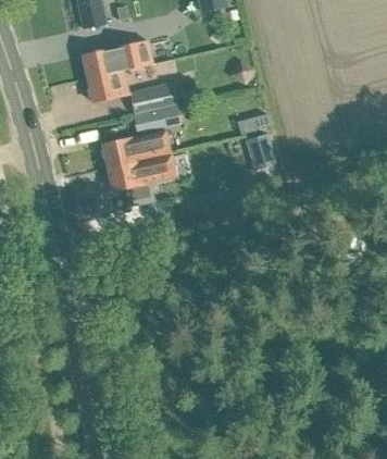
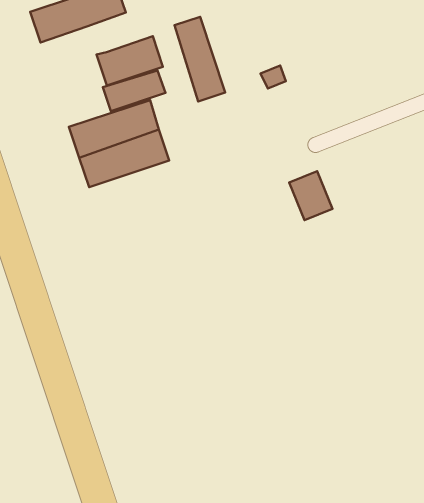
building: [88,70,129,101] -> none
building: none -> [174,17,225,101]
building: [242,135,273,171] -> [289,171,332,220]

